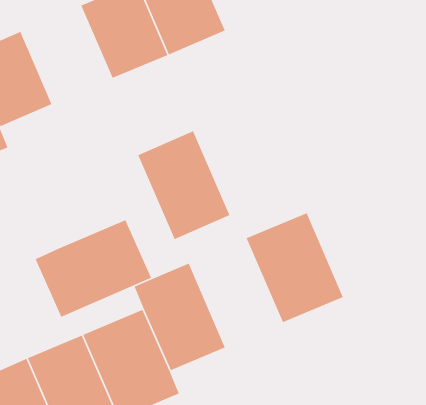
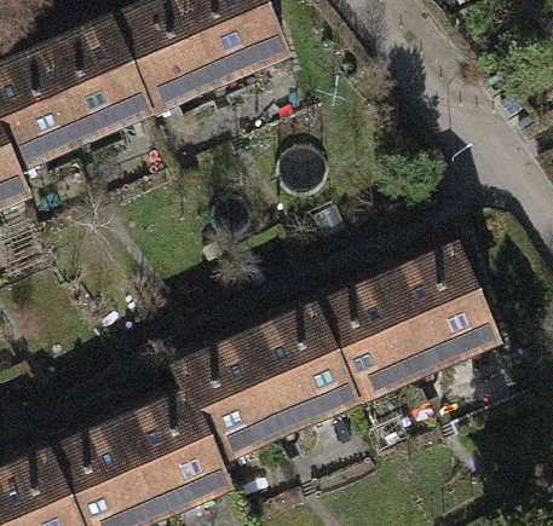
building: none -> [41,24,149,141]
building: [137,130,231,240] -> [240,299,350,428]
building: none -> [379,237,495,369]
building: [35,219,152,318] -> none

